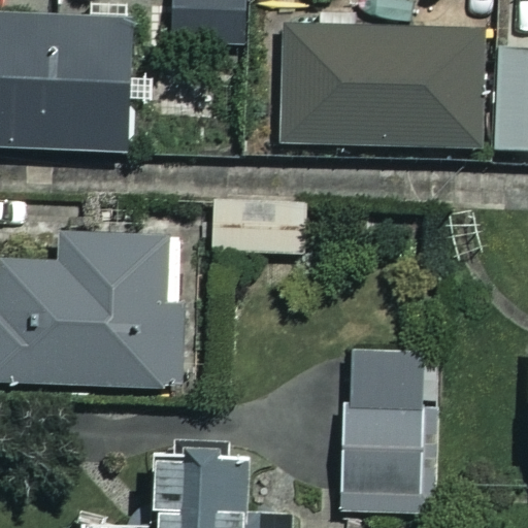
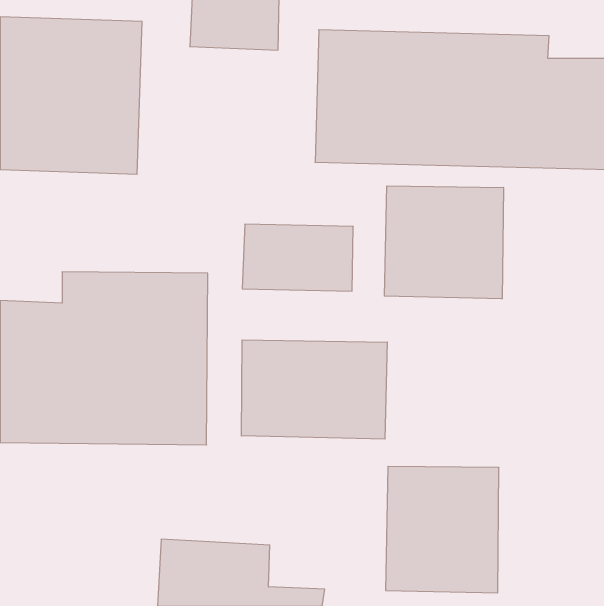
building: none -> [384,186,503,299]
building: none -> [241,340,387,439]

